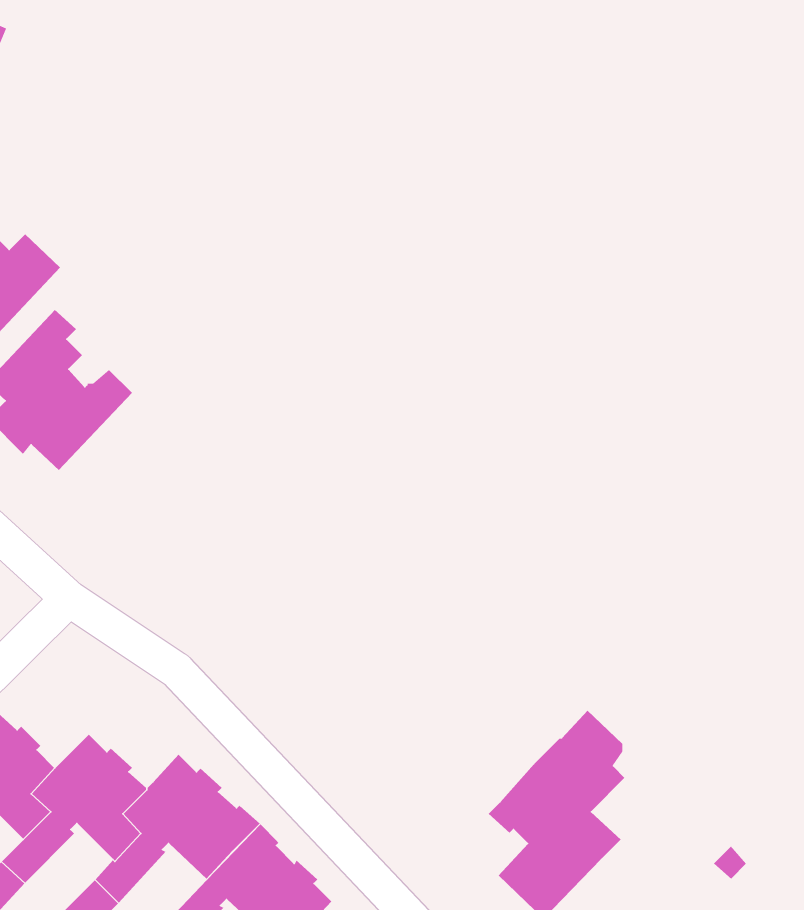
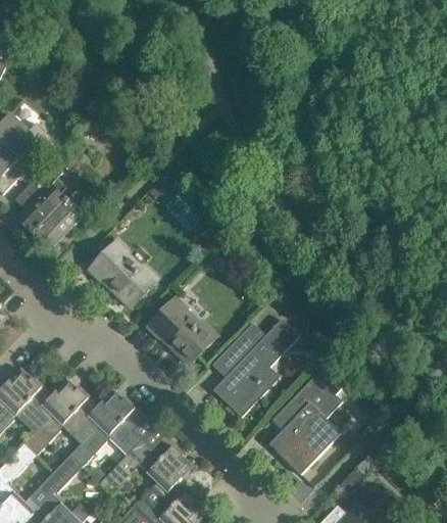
building: none -> [88,241,158,308]
building: none -> [146,298,216,366]
building: none -> [212,320,299,418]

